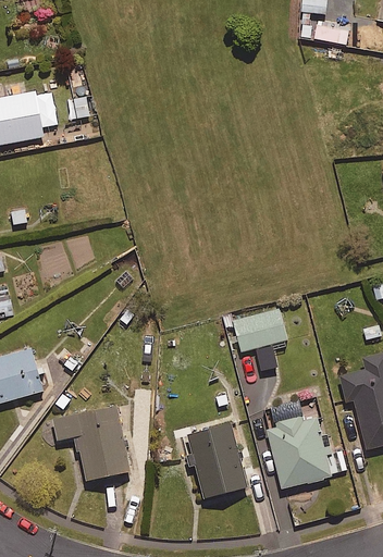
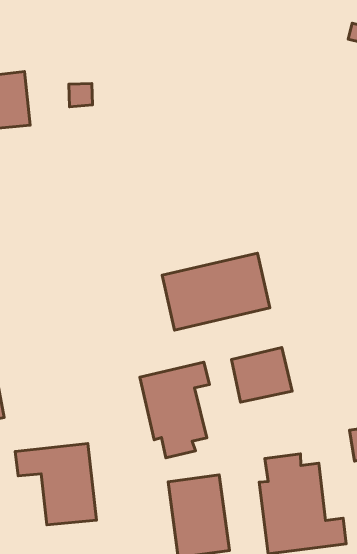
building: none -> [162,253,270,330]
building: none -> [140,362,209,458]

